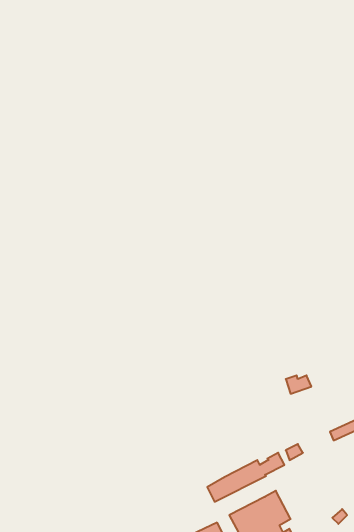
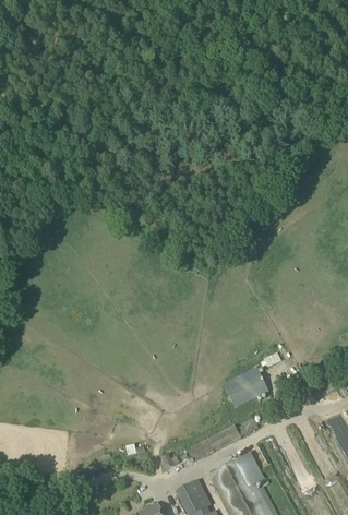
building: none -> [224,367,268,406]

